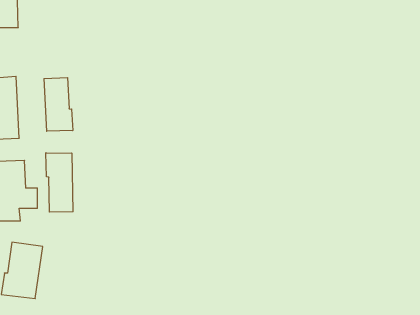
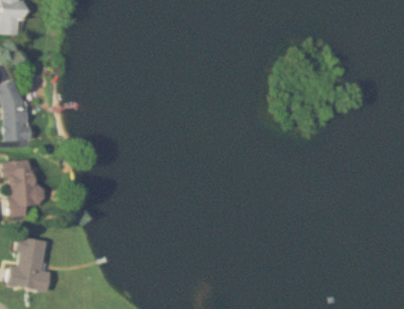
building: [44,78,73,131] -> none
building: [46,153,73,212] -> none

